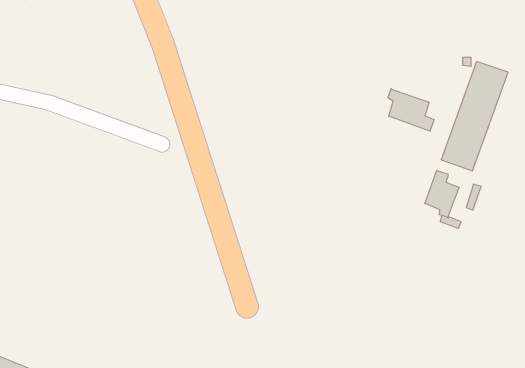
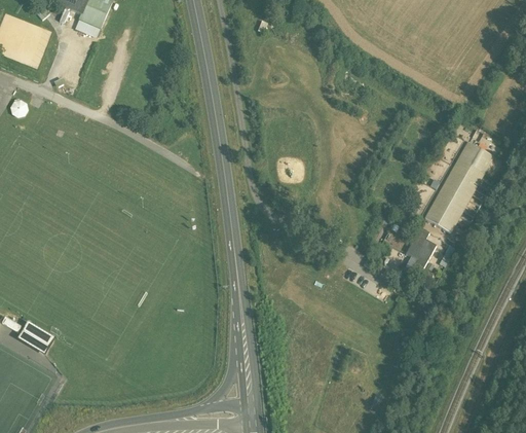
building: [388,89,434,131] -> none

